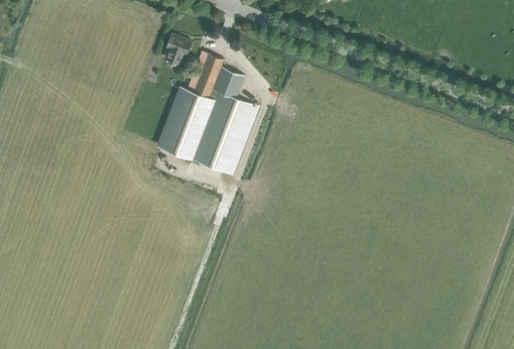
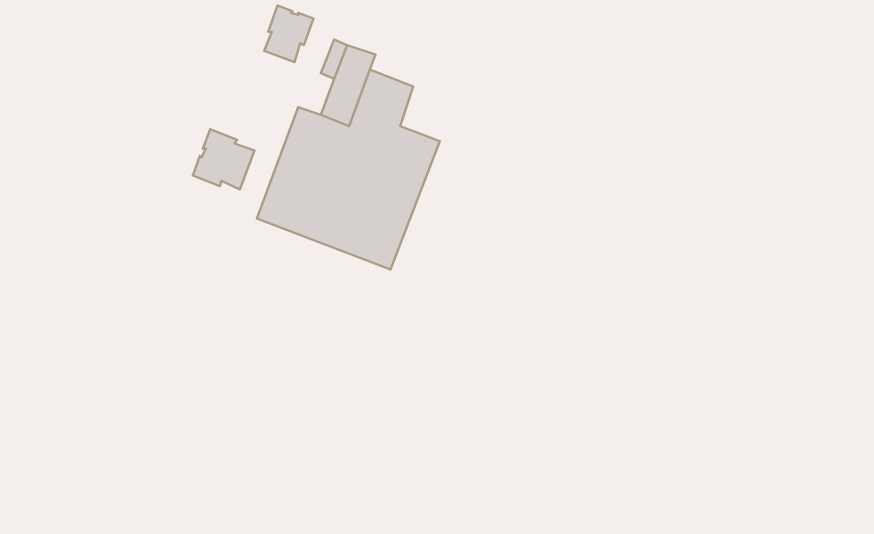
building: none -> [193,129,254,189]

